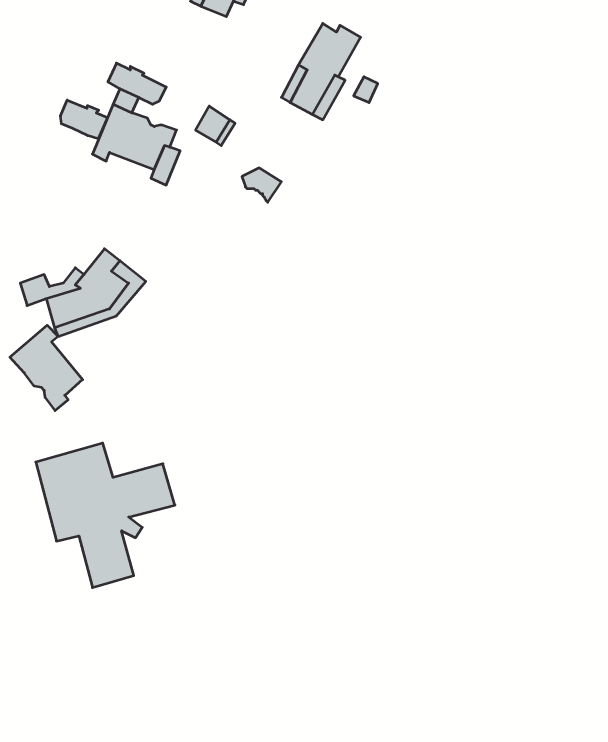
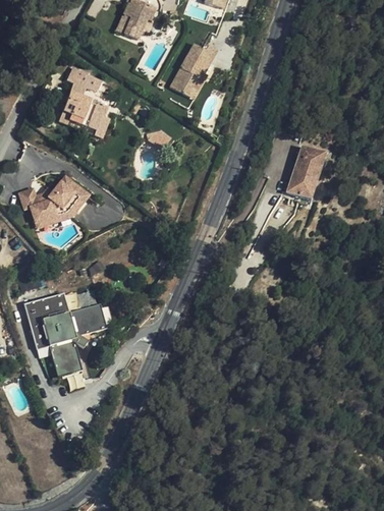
building: [61,100,108,139] -> none
building: none -> [286,147,326,201]
building: [10,325,83,411] -> none

